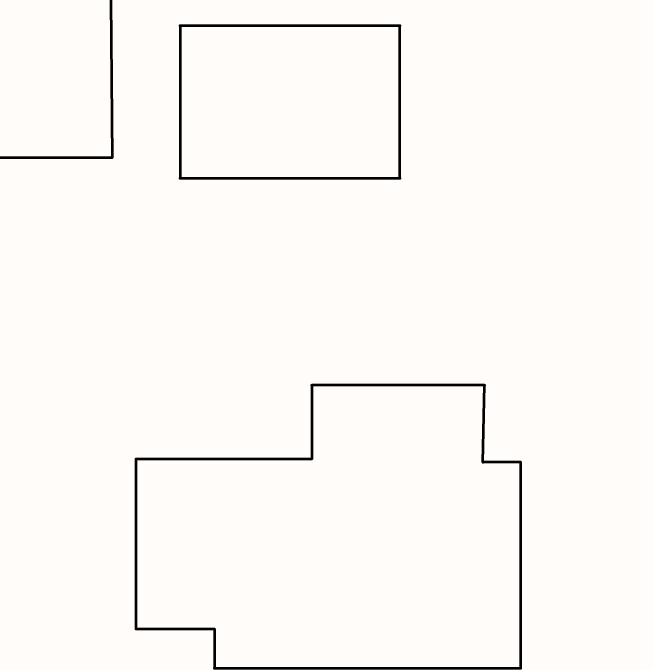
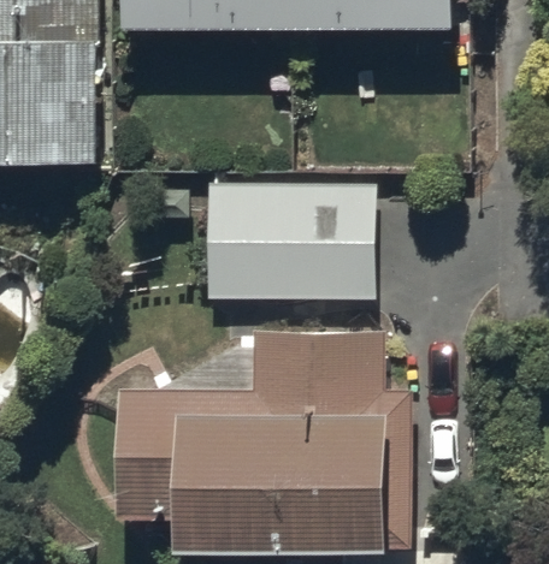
building: [180,26,400,178] -> [205,185,373,302]

